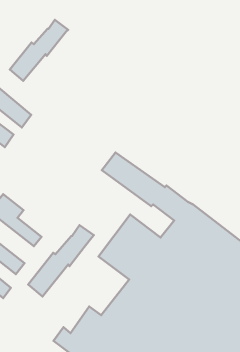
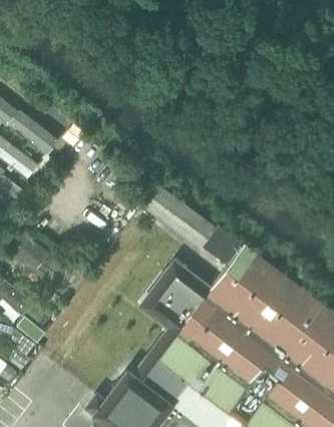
building: [10,20,68,81] -> none
building: [28,225,94,297] -> none

